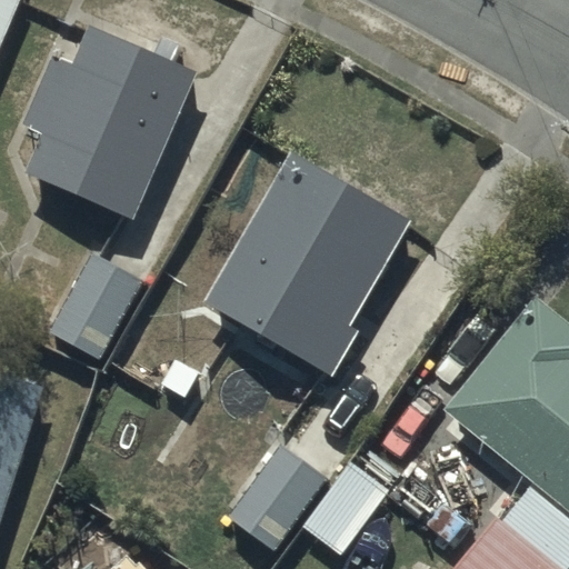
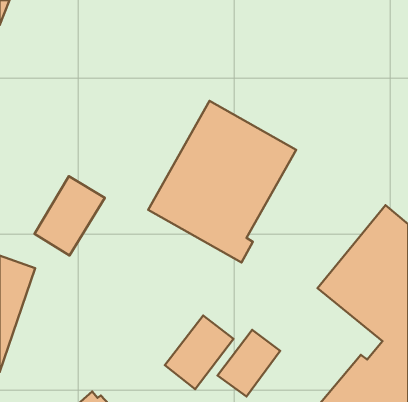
building: [21,23,197,219] -> none

